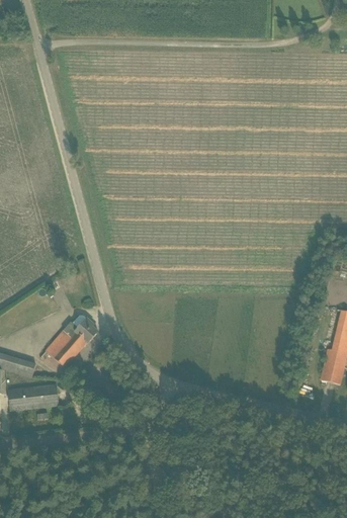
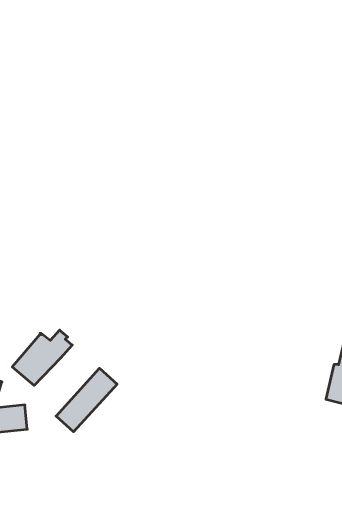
building: none -> [56,368,117,432]

